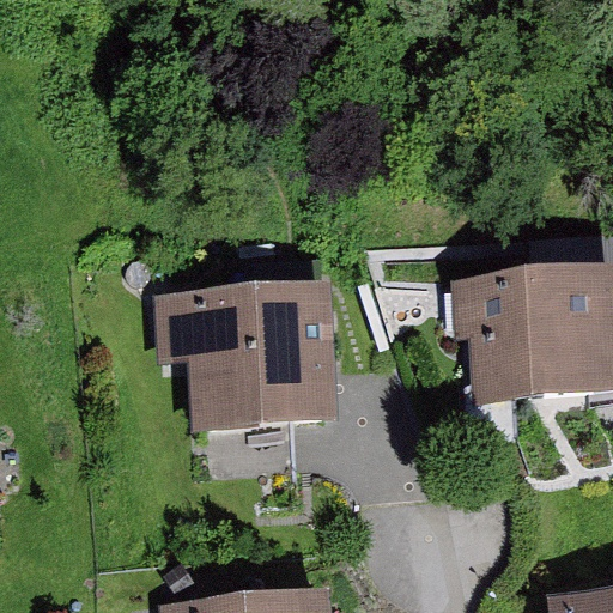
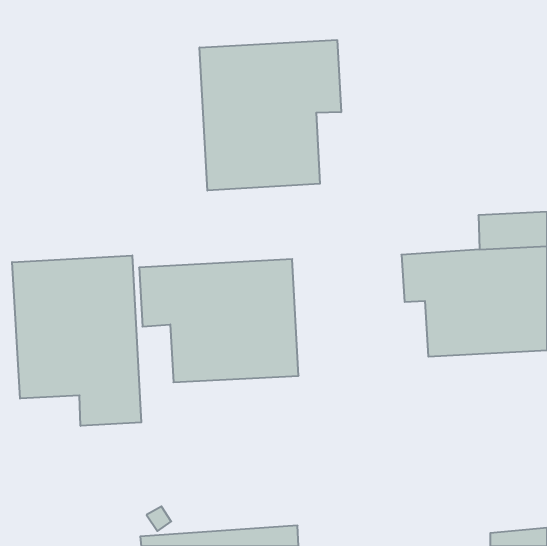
building: none -> [200,40,341,191]
building: none -> [12,255,141,426]

